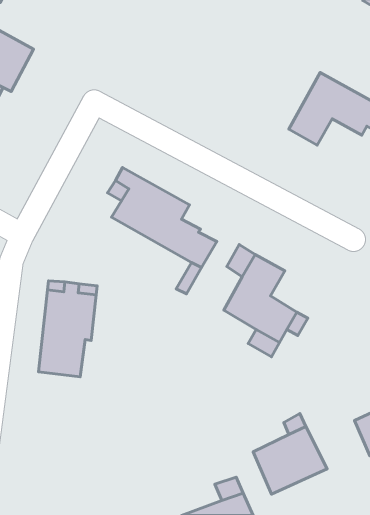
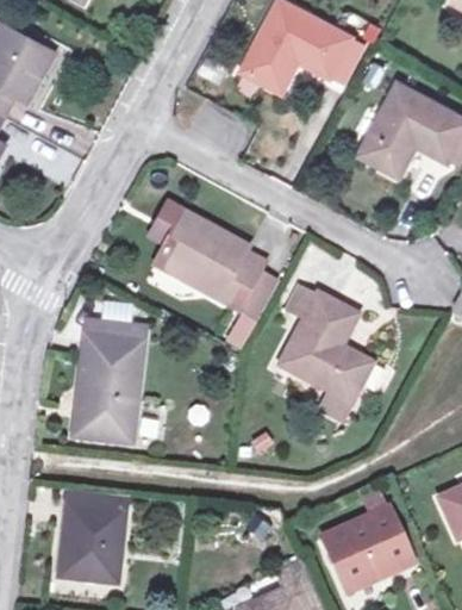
building: none -> [244,7,358,93]
building: none -> [56,492,119,578]

